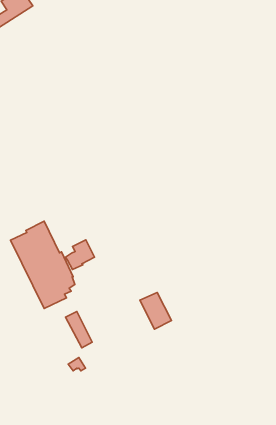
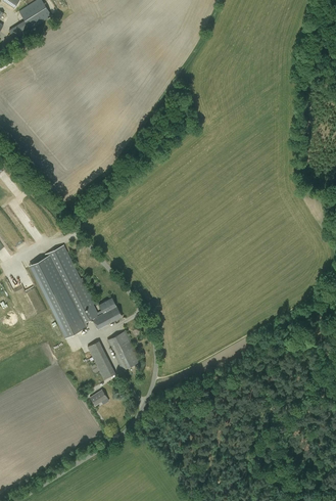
building: [66,240,94,270] -> [91,298,122,329]
building: [140,293,172,329] -> [107,331,141,370]

